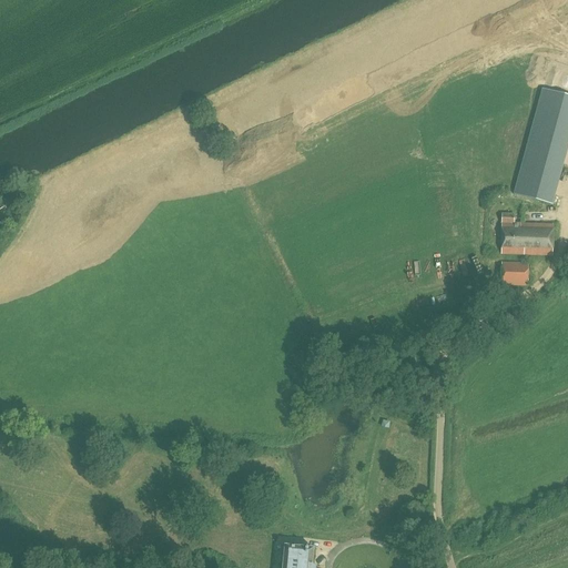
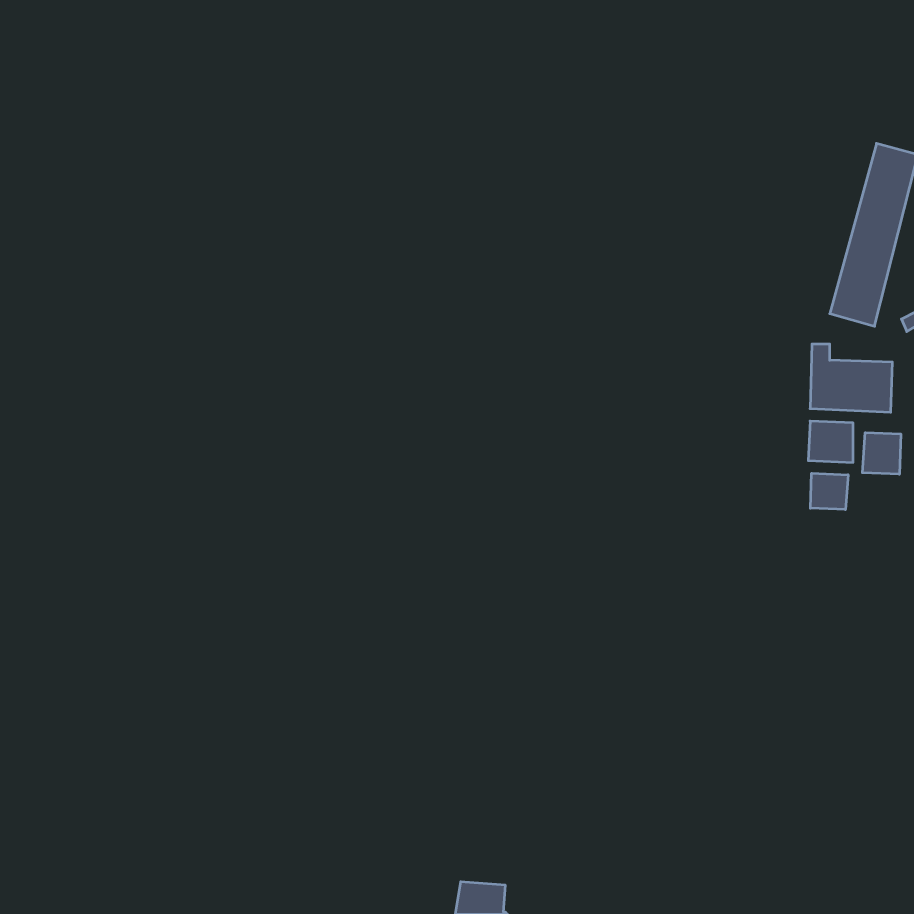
building: none -> [862,433,901,474]
building: none -> [810,473,848,510]

